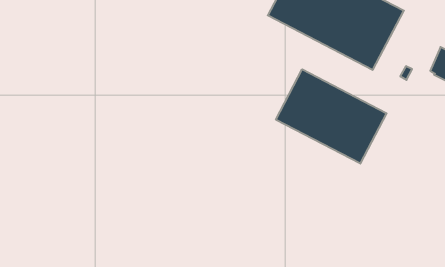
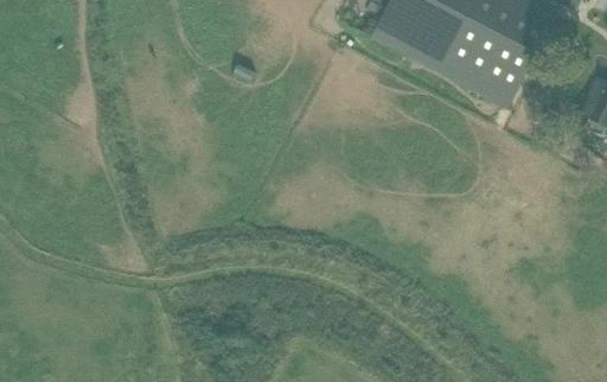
building: [276,69,387,164] -> none

